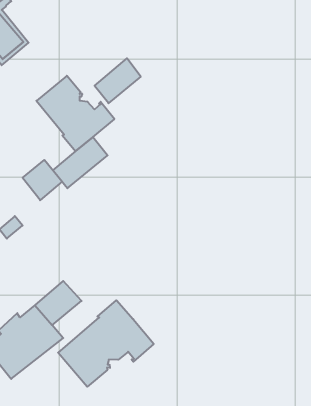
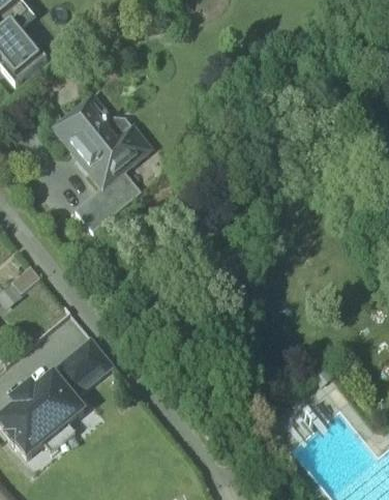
building: [95,58,141,103] -> none
building: [23,160,62,200] -> none
building: [58,300,154,387] -> none

